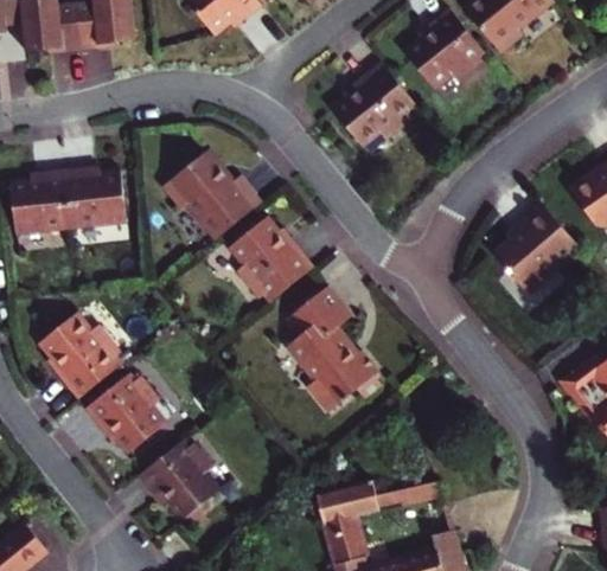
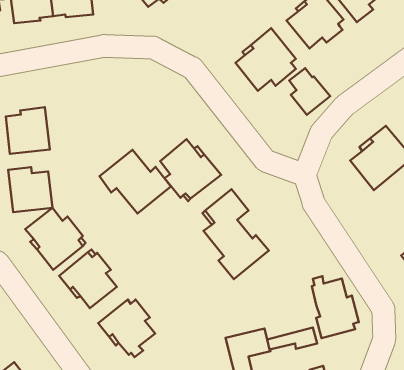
building: none -> [289,68,330,115]
building: [159,149,258,238] -> [99,150,171,214]
building: [66,168,128,231] -> [8,167,52,212]
building: none -> [312,276,359,338]

